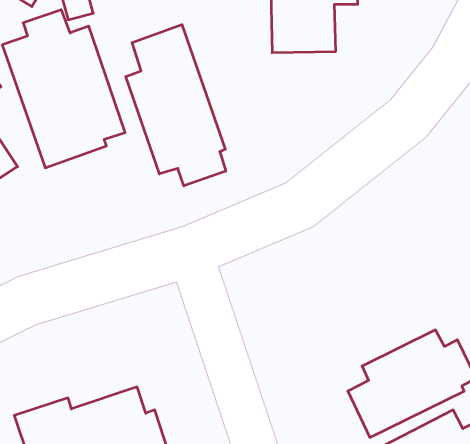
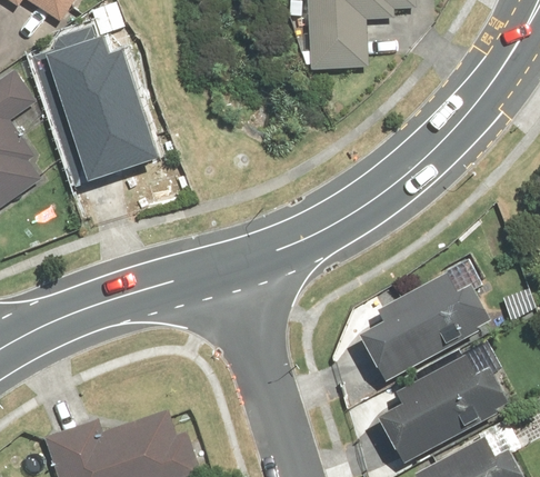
building: [126,25,226,186] -> none
building: none -> [361,269,497,379]

